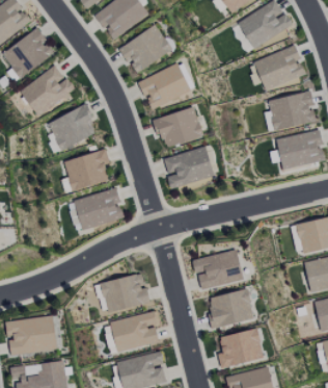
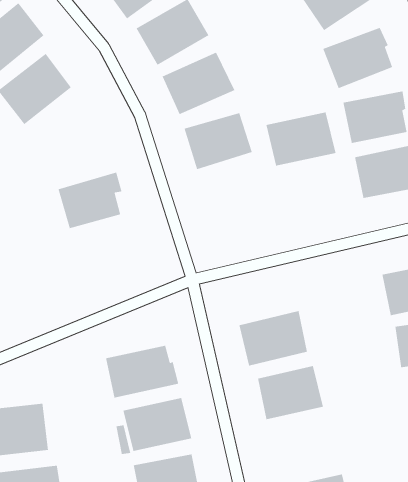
building: [48,106,98,150] -> none
building: [163,148,214,187] -> [266,112,336,167]
building: [73,188,124,230] -> none
building: [217,329,264,368] -> none

